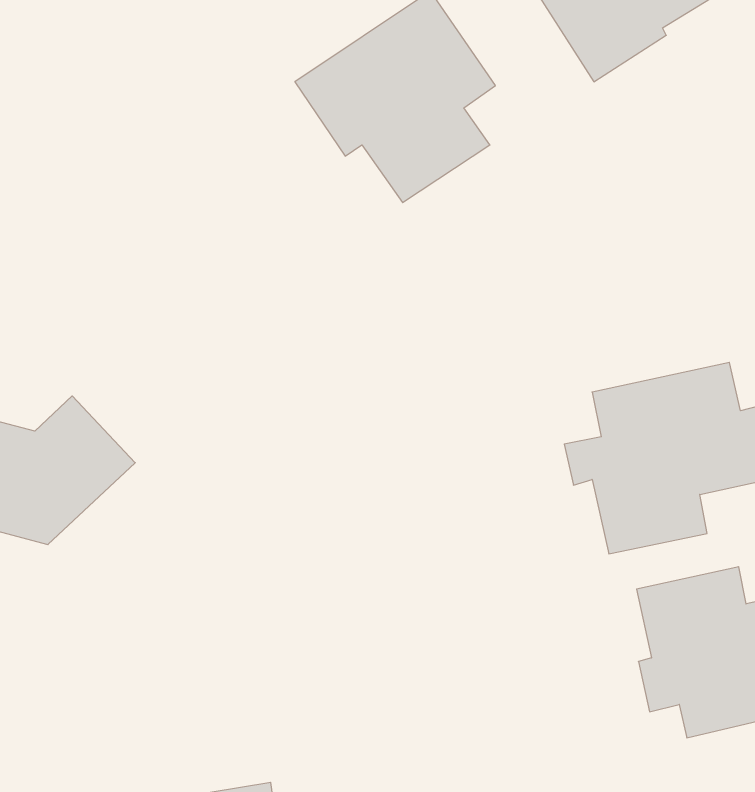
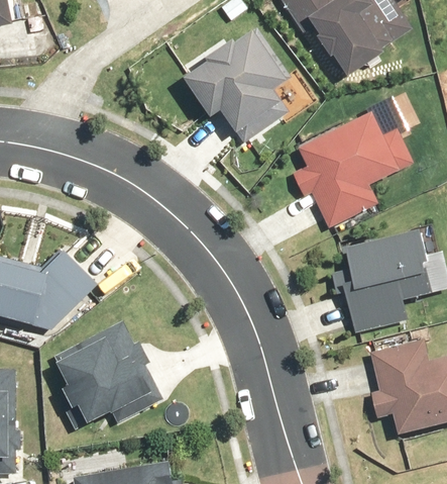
building: none -> [291,112,415,228]
building: none -> [51,320,161,421]

